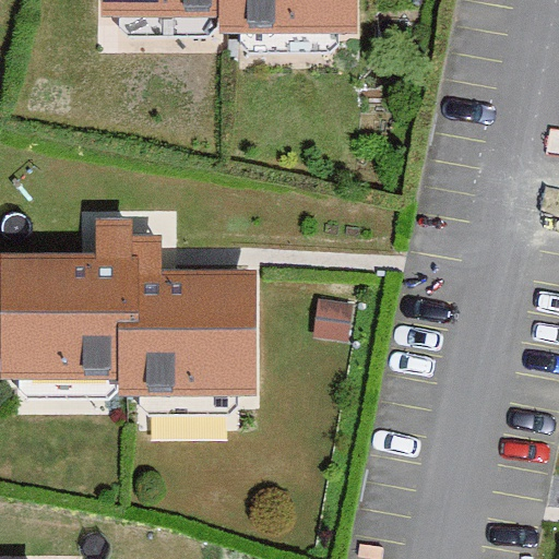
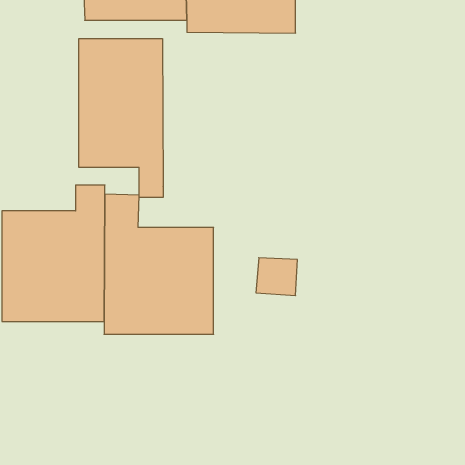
building: none -> [79,39,163,197]

